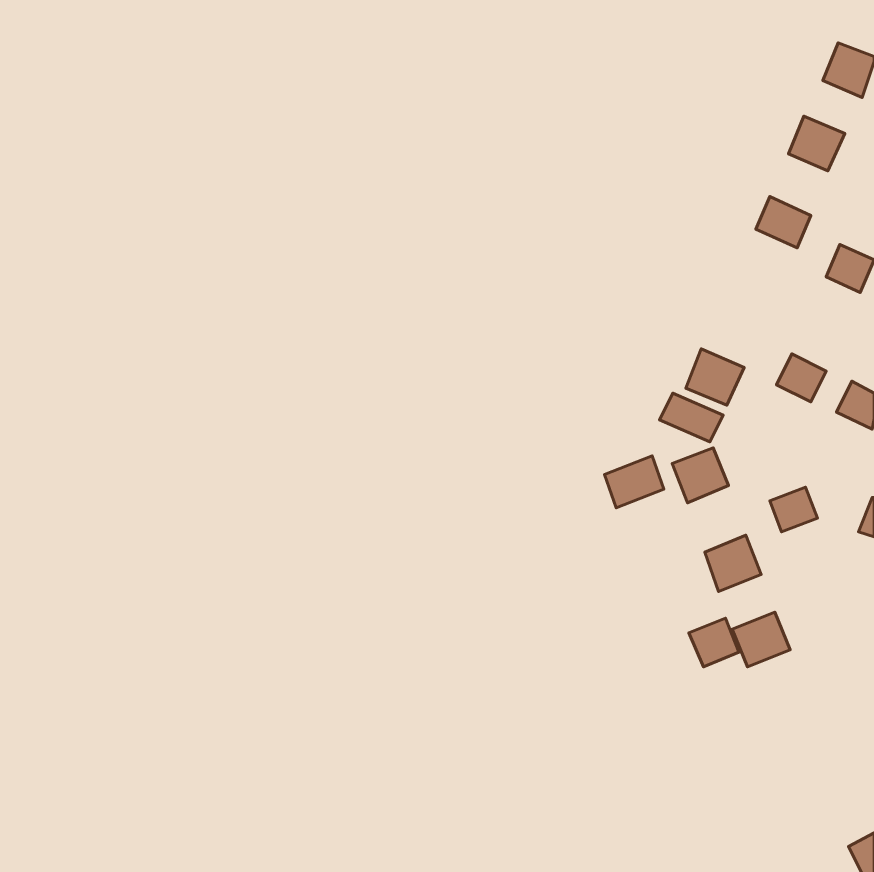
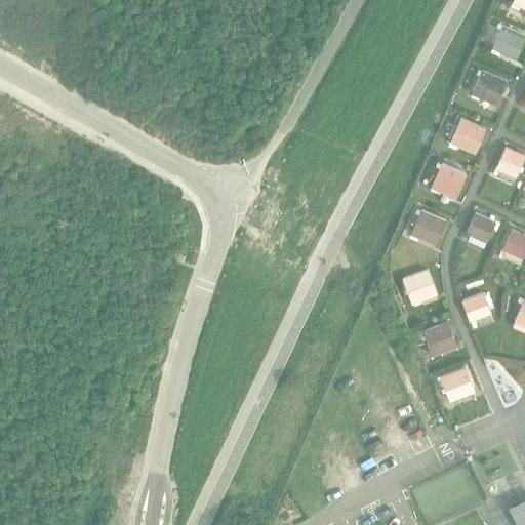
building: none -> [432,164,467,198]
building: [660,393,723,442] -> none
building: [604,456,664,508] -> none
building: [689,618,739,667] -> none

